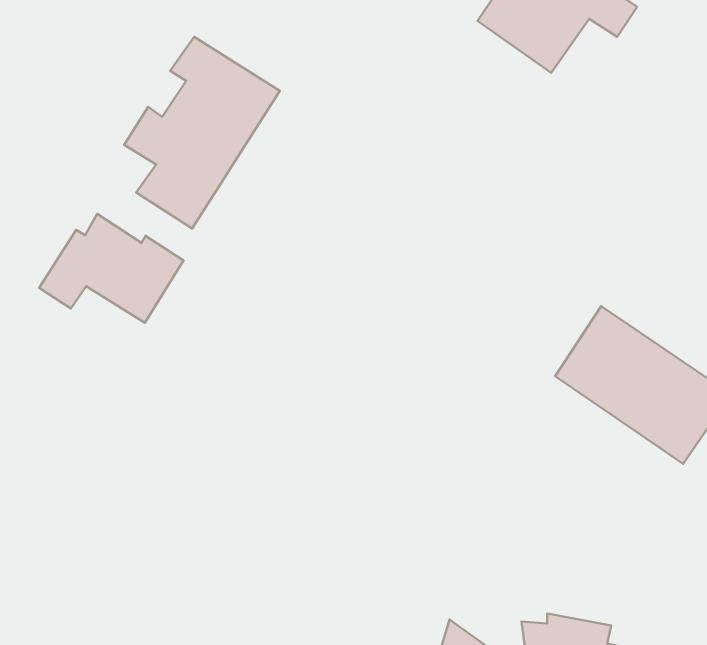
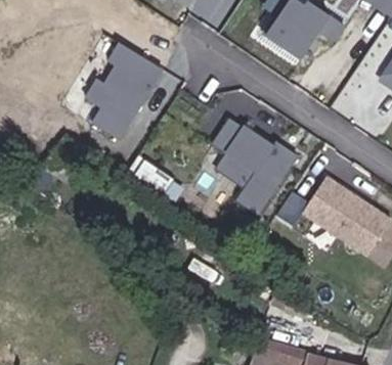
building: none -> [212,120,298,217]
building: [39,214,183,323] -> none

